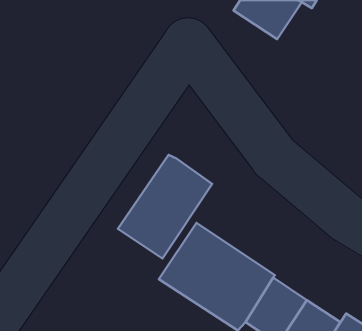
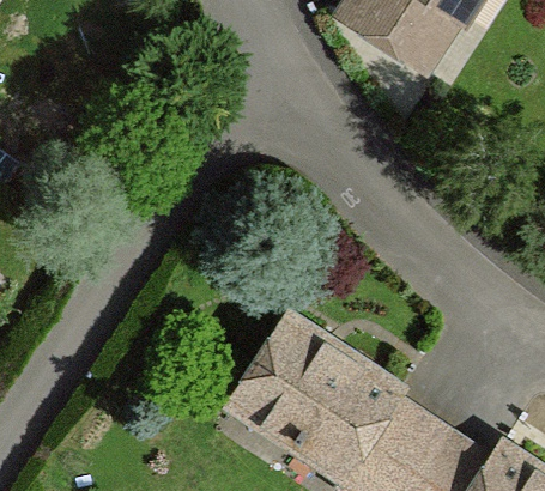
building: [118,155,212,258] -> none

